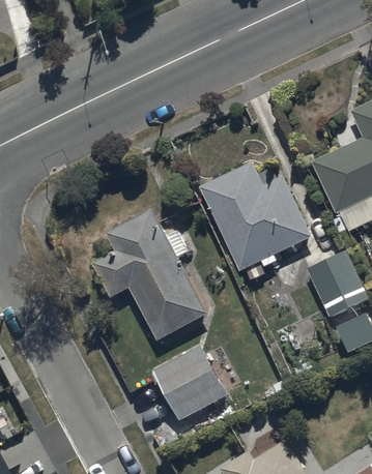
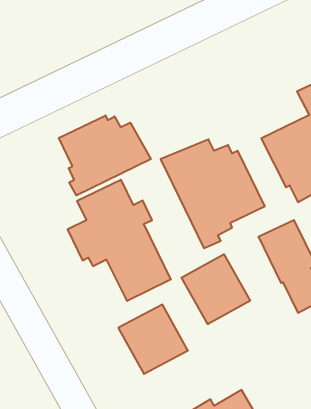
building: none -> [59,115,151,195]
building: none -> [181,254,250,324]

